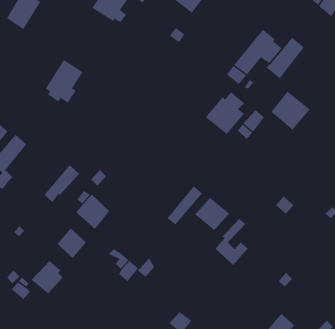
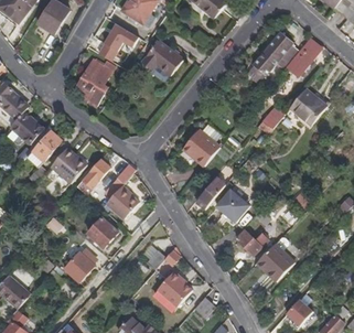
building: none -> [97,21,139,61]
building: none -> [141,40,183,75]
building: [205,92,245,135] -> [182,126,219,166]
building: none -> [44,149,86,190]
building: none -> [256,237,294,281]
building: none -> [157,271,191,307]

